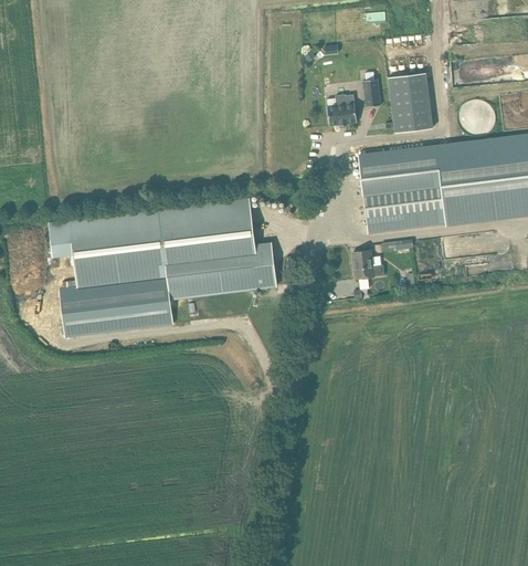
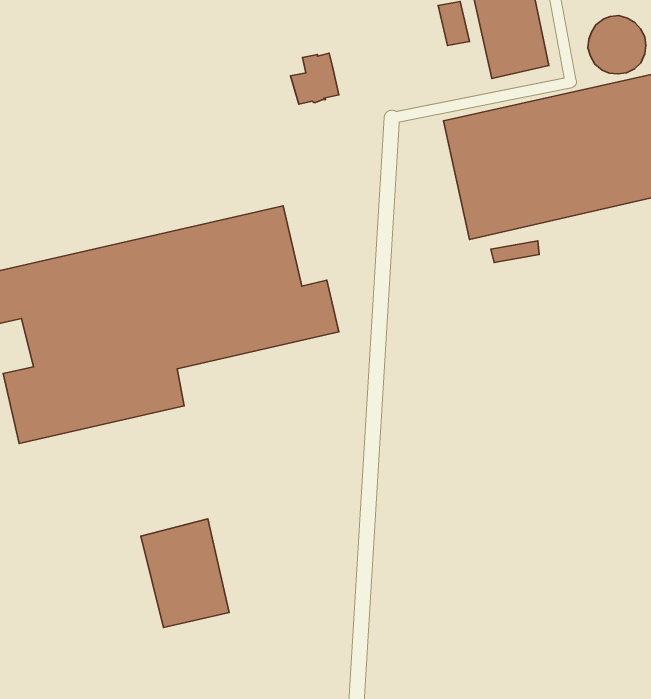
building: [327,95,357,126] -> [291,53,339,104]
building: [353,251,384,279] -> none
building: none -> [141,519,229,627]

